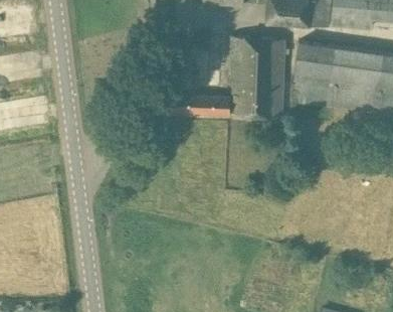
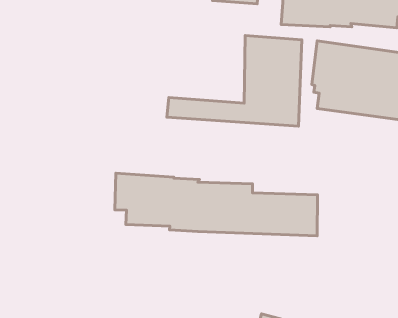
building: none -> [115,173,317,236]

